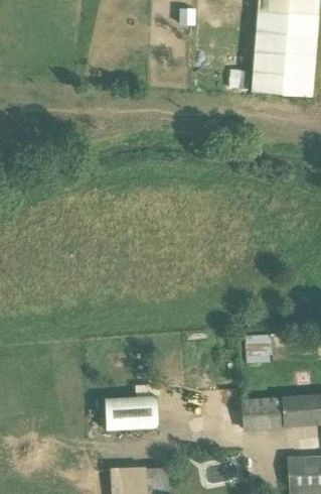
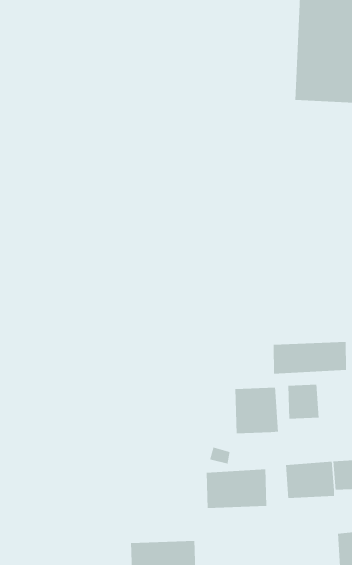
building: none -> [273,341,347,374]
building: none -> [234,387,279,434]
building: [105,396,157,430] -> [206,469,267,509]

